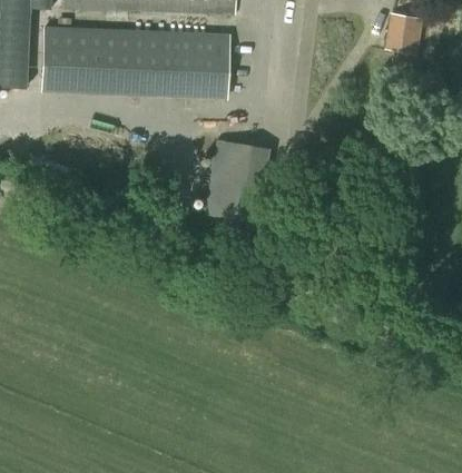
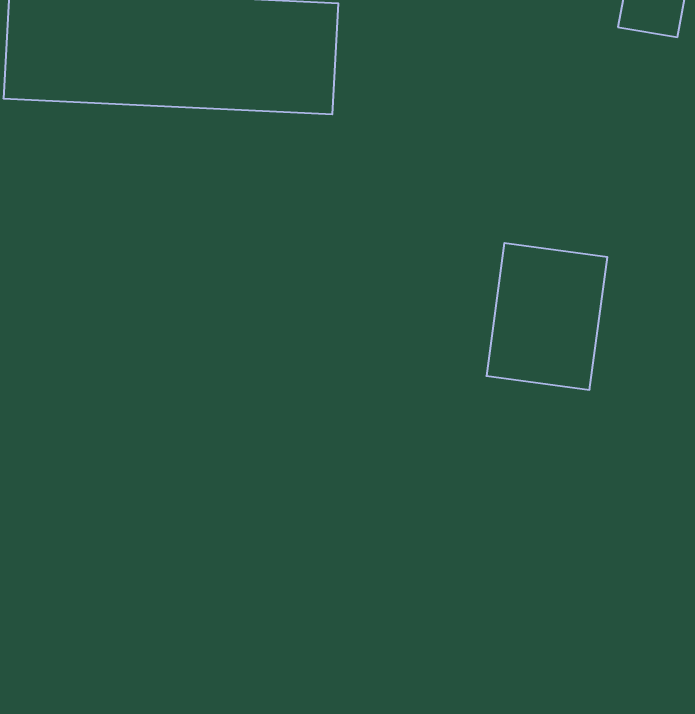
building: [205,138,273,220] -> [486,243,607,390]

